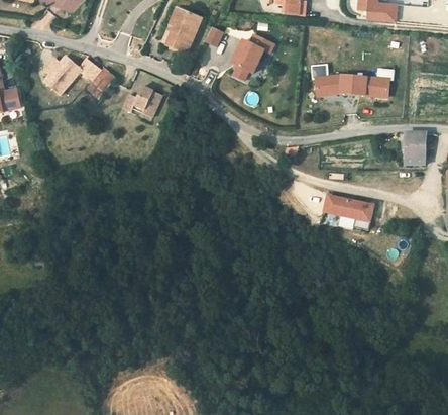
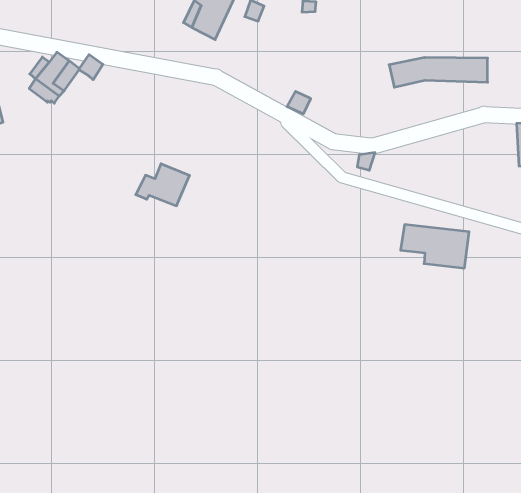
building: [234,36,265,69] -> none
building: [85,66,114,99] -> none
building: [121,84,162,116] -> [136,164,190,206]

